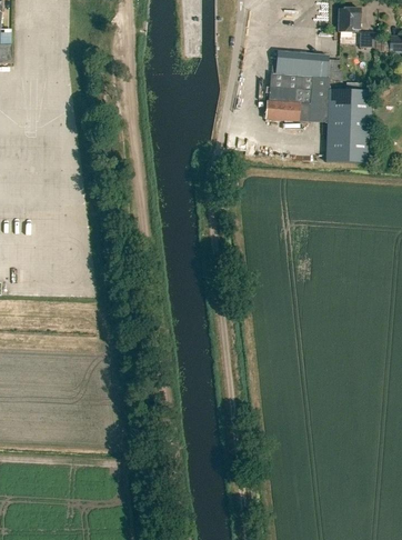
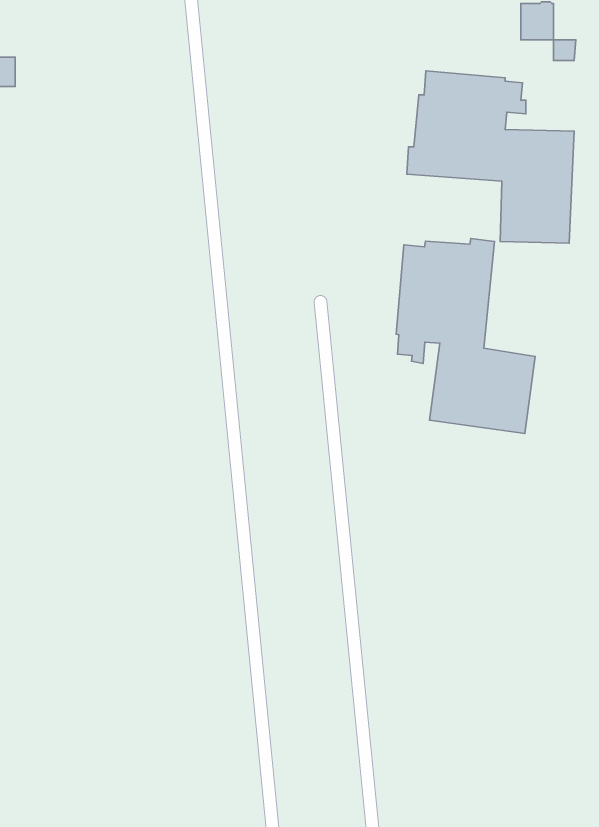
building: none -> [396,239,535,434]

